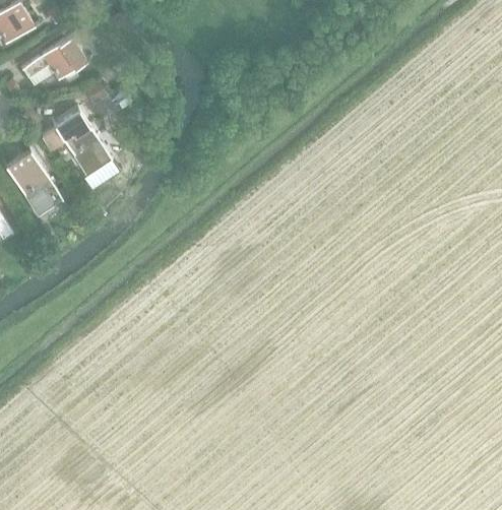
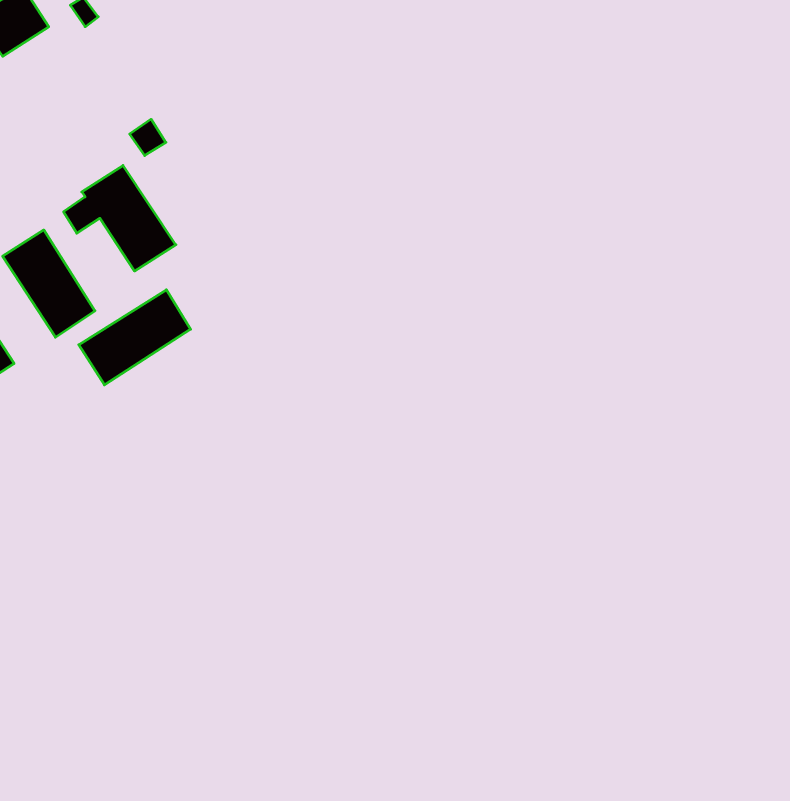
building: [21,36,86,80] -> none
building: none -> [79,290,191,385]

